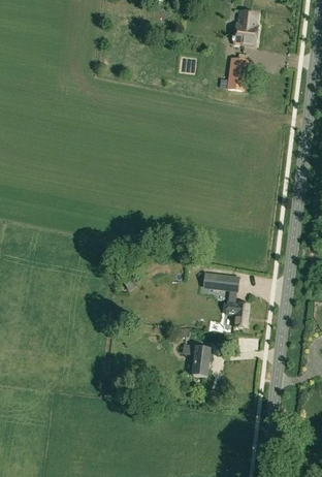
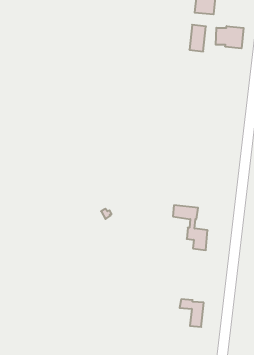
building: none -> [216,26,244,48]
building: [181,343,210,376] -> [180,299,204,327]

